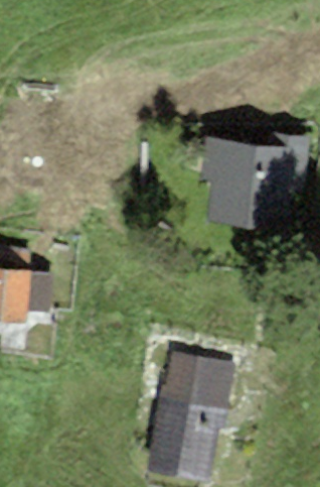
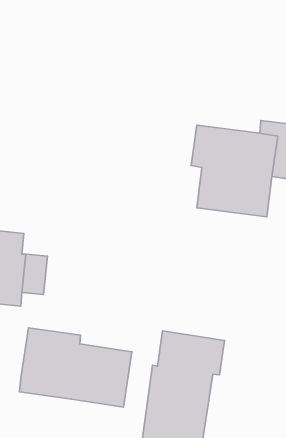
building: none -> [20,328,132,407]

